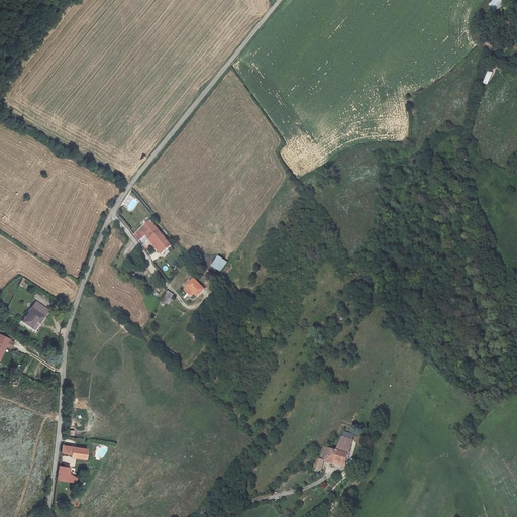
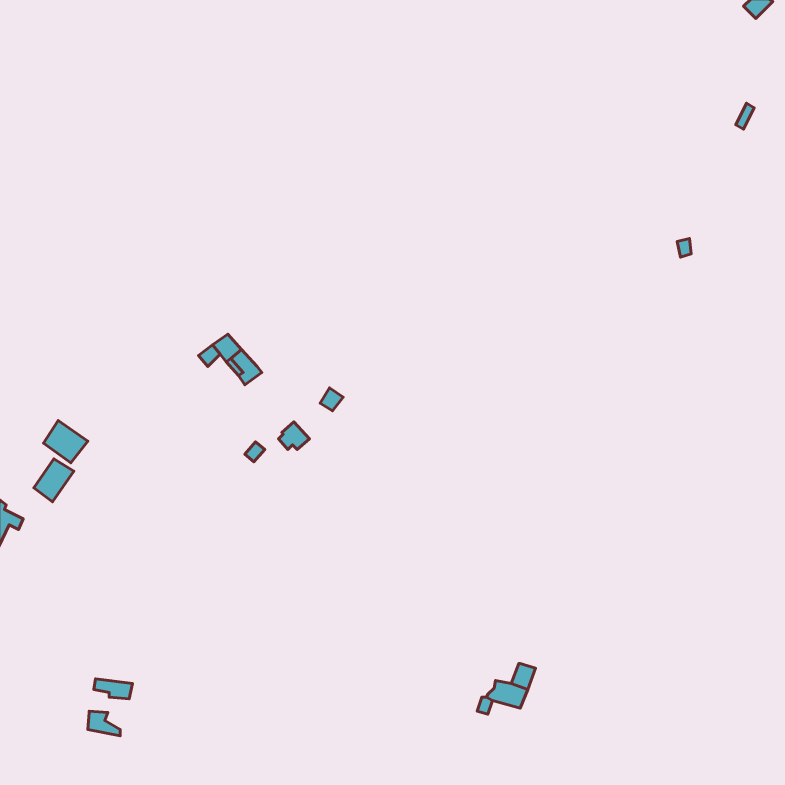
building: none -> [43,421,88,463]

